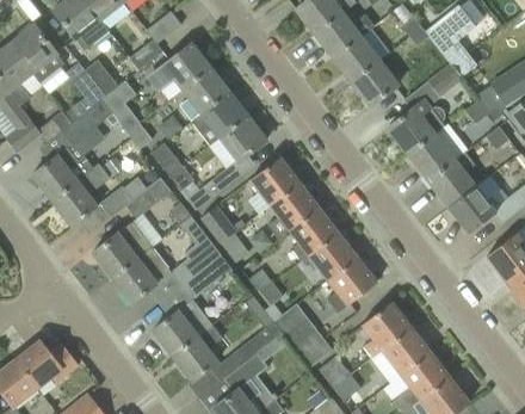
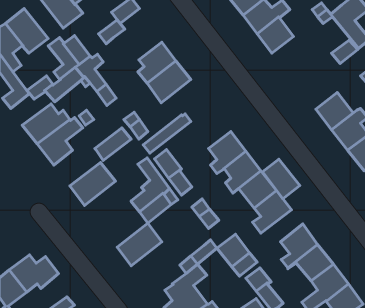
building: [147,43,210,93] -> none
building: [351,61,397,106] -> none
building: [387,99,445,154] -> none
building: [218,116,266,162] -> none
building: [249,157,298,204] -> none
building: [99,167,159,217] -> none
building: none -> [262,159,300,199]
building: [111,246,171,303] -> none
building: [171,323,222,381] -> none

